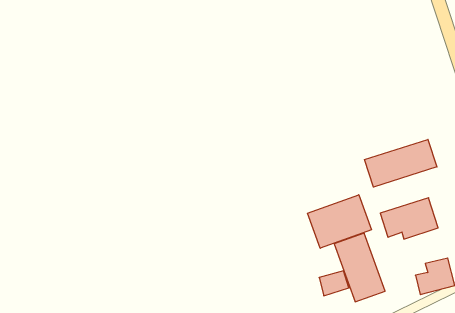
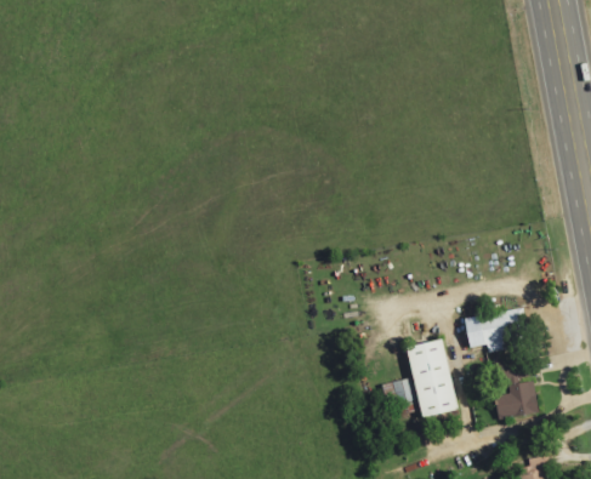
building: [364,139,437,187] -> none
building: [307,195,372,248] -> none

